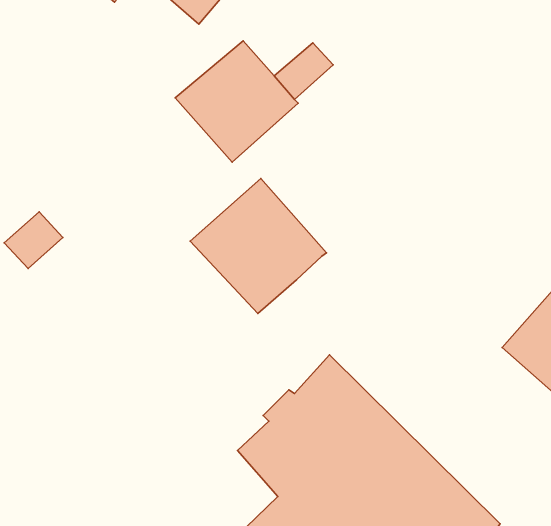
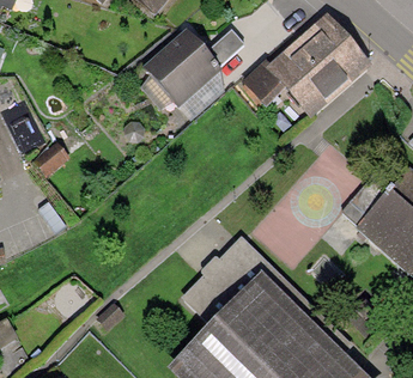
building: none -> [241,12,372,117]
building: [190,179,326,314] -> none

